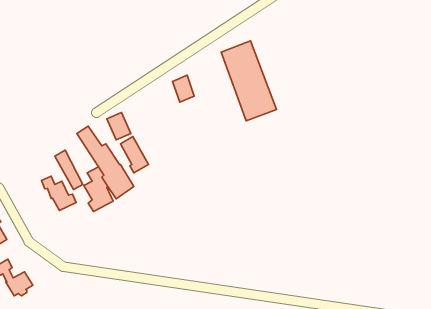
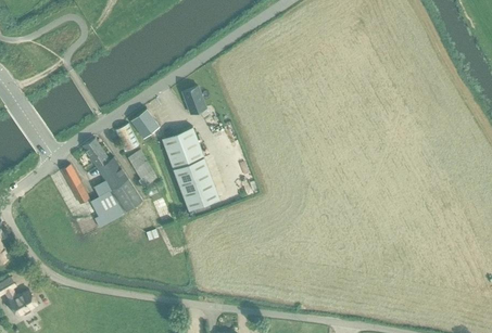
building: [221,41,276,121] -> [162,127,219,210]
building: none -> [130,108,160,138]
building: [41,176,76,210] -> none

